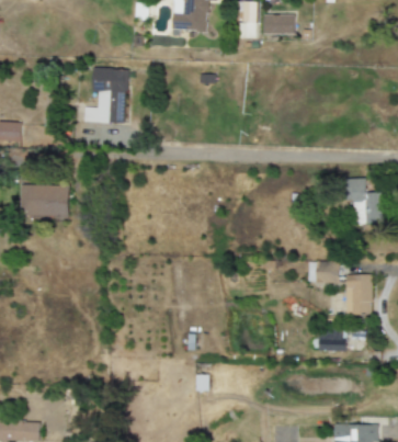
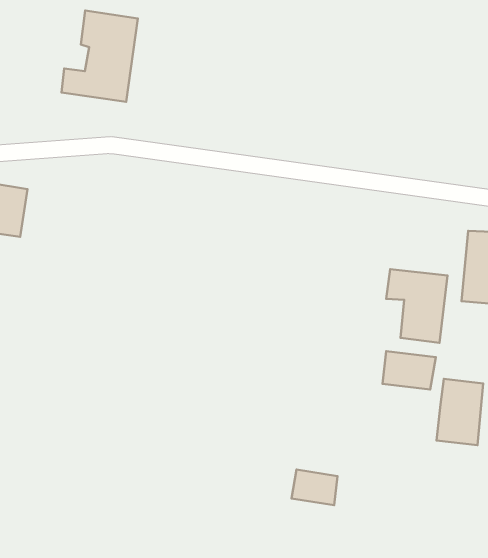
building: none -> [386,269,448,343]
building: [318,331,345,351] -> [292,470,338,505]

